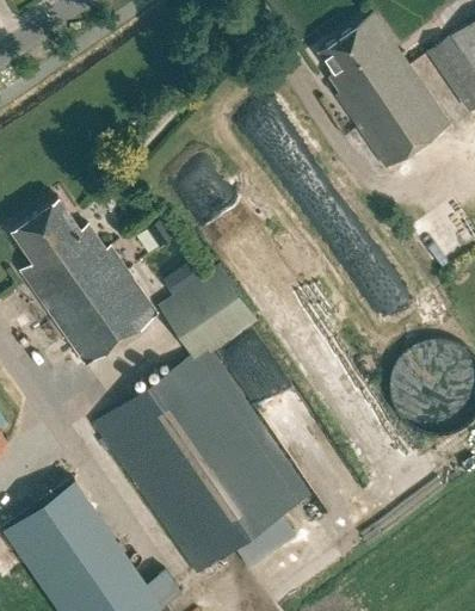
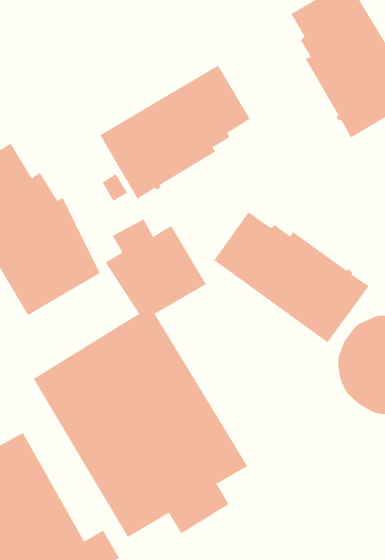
building: none -> [99,65,251,200]
building: none -> [214,212,369,343]

